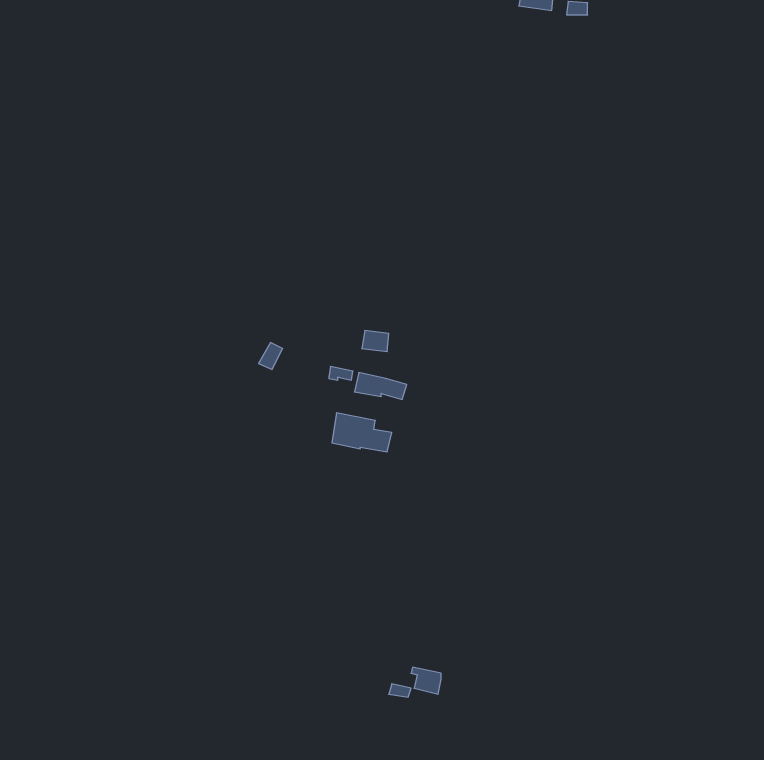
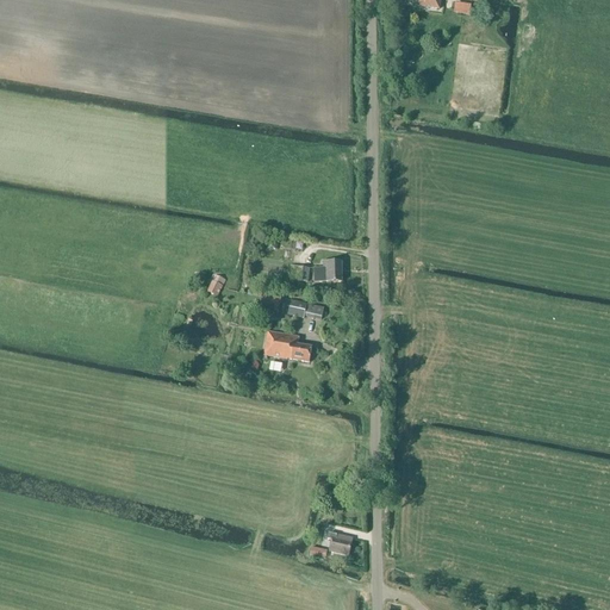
building: none -> [315,260,342,280]

